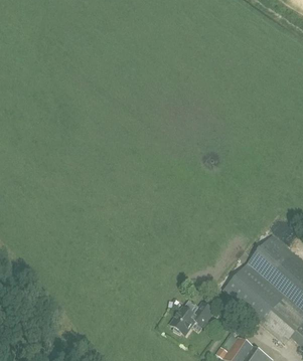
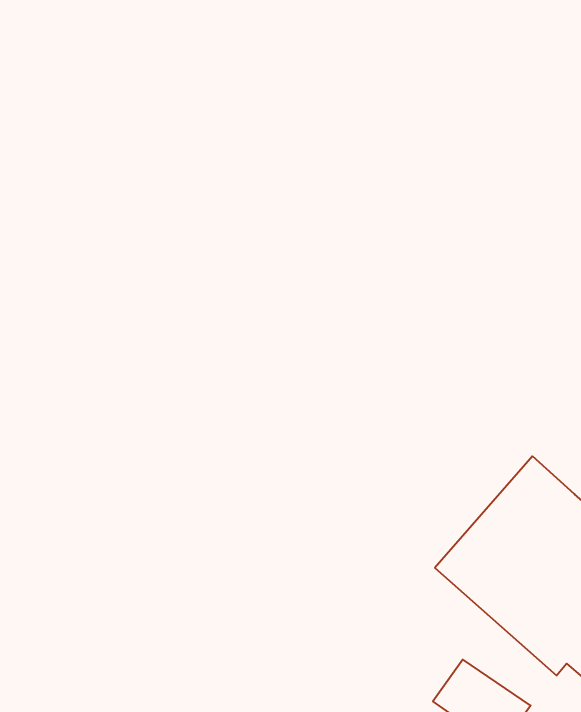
building: [171,297,215,333] -> none

